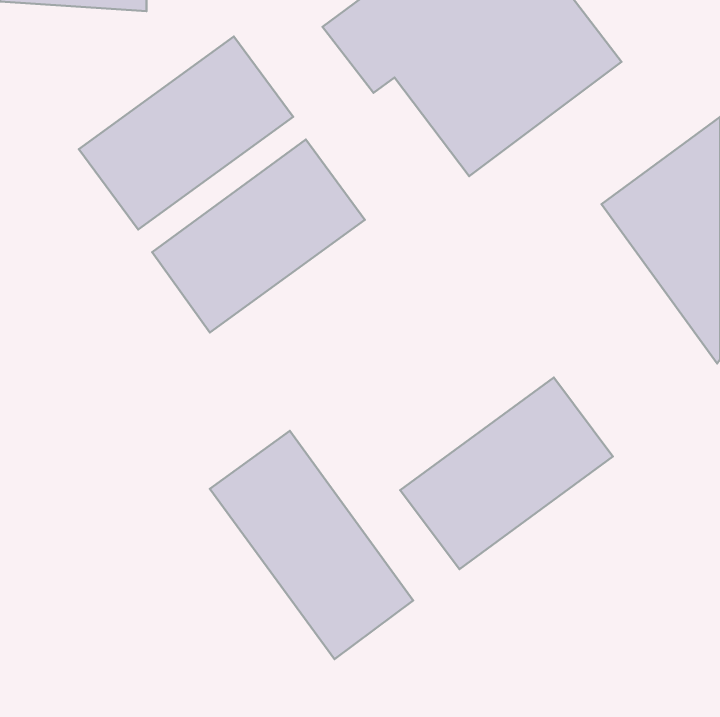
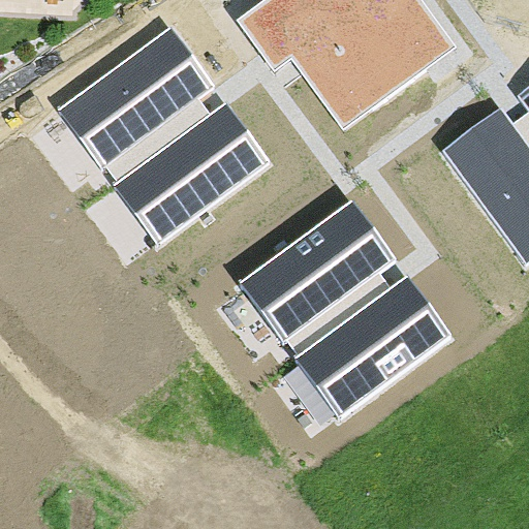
building: none -> [238,199,394,341]
building: [210,431,413,659] -> none

